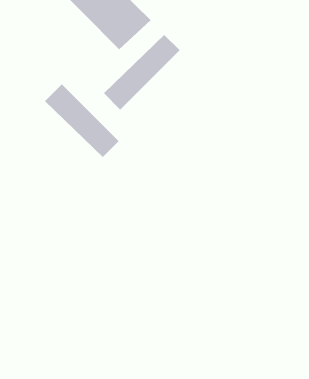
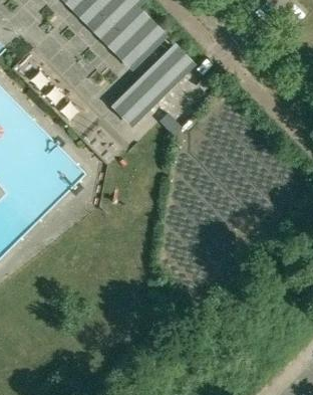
building: [44,83,119,158] -> none

